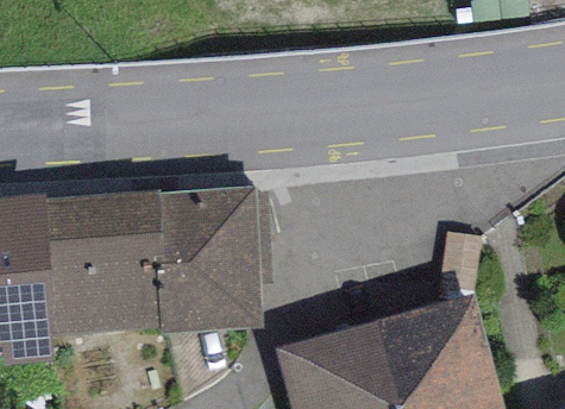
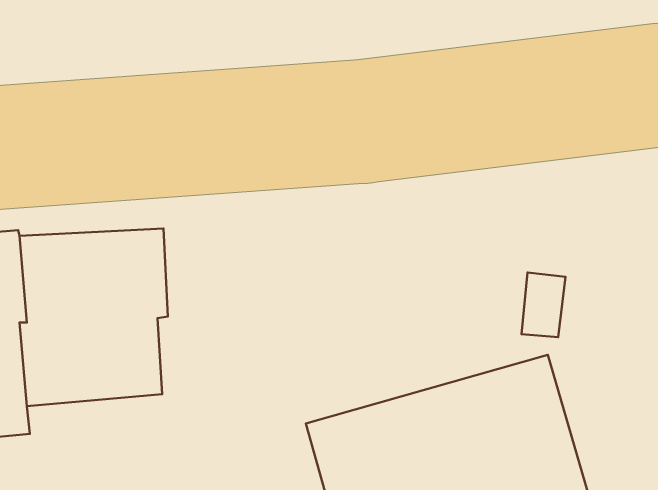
building: [155,188,260,333] -> none

